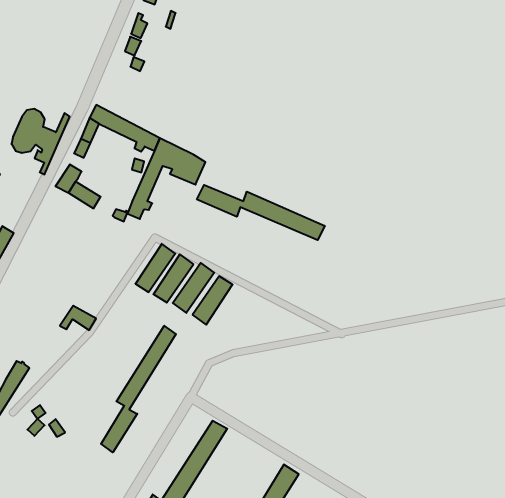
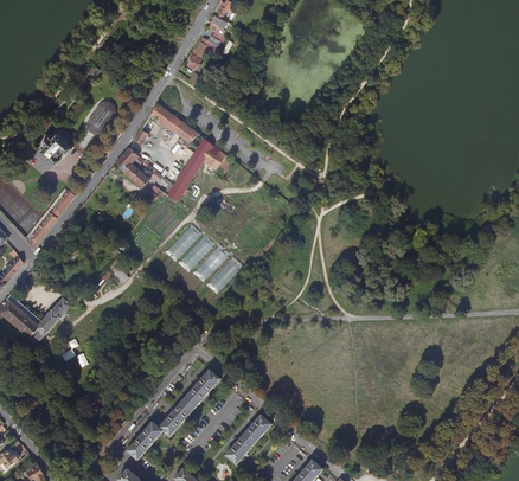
building: [197,185,325,240] -> none
building: [101,326,176,452] -> none

